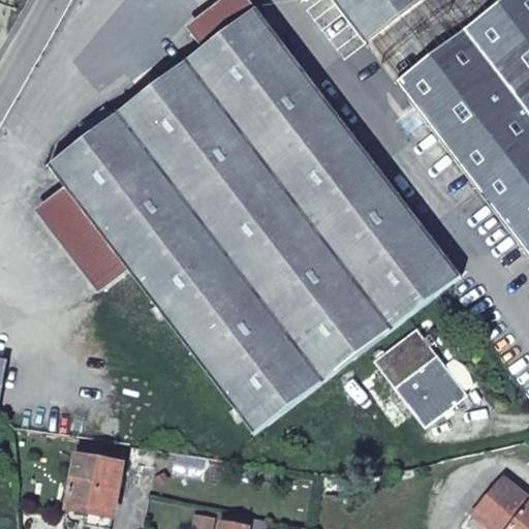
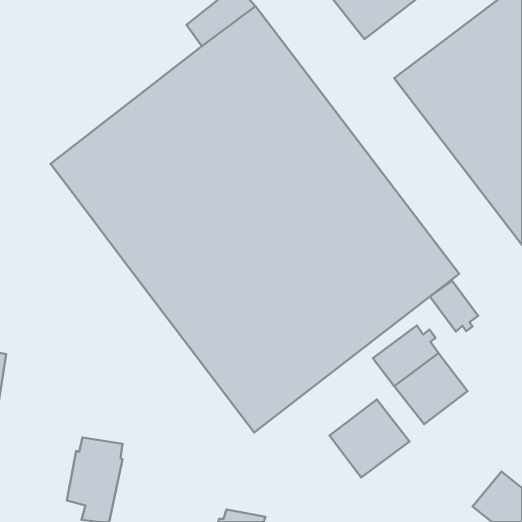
building: [36,186,130,291] -> none
building: none -> [430,281,478,331]
building: none -> [330,399,410,477]

